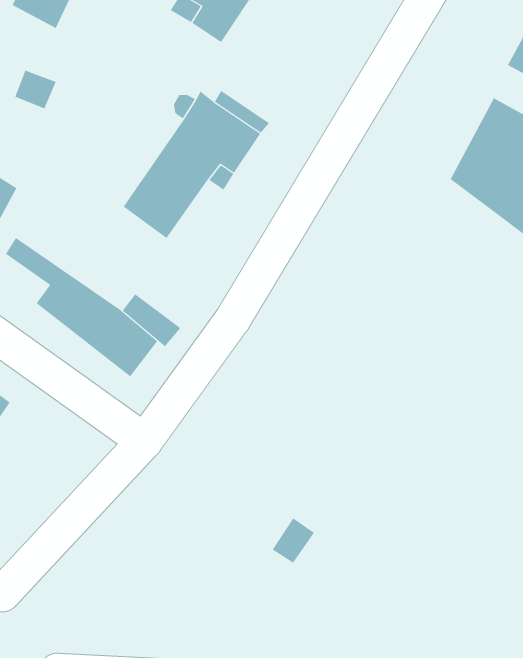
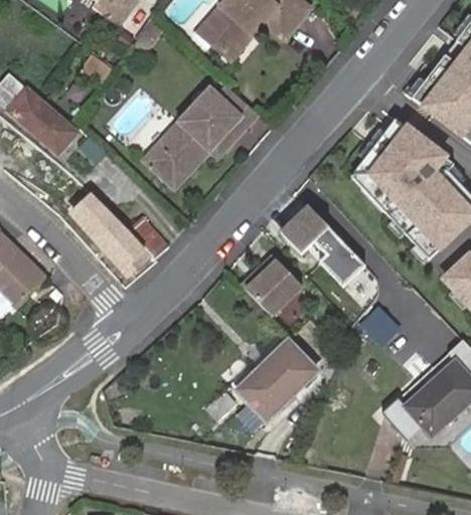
building: none -> [280,206,364,288]
building: none -> [241,252,301,313]
building: none -> [238,338,317,416]

